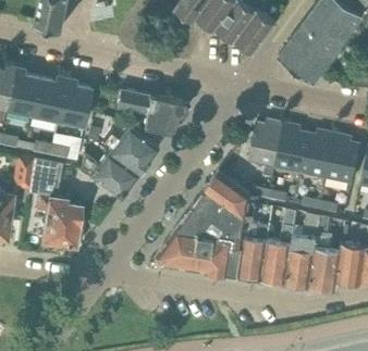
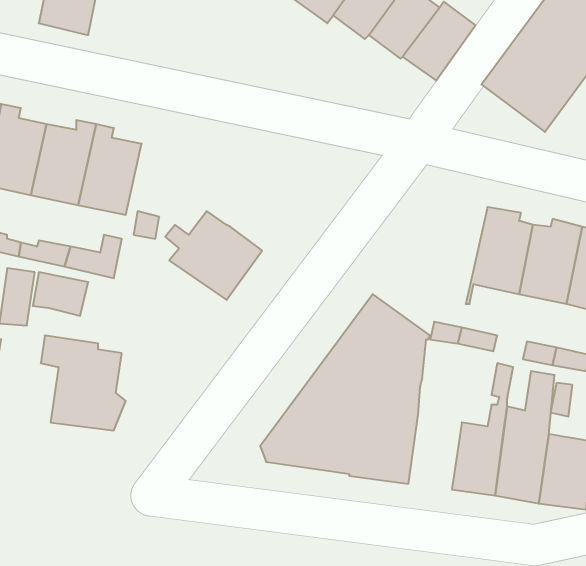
building: [115,90,187,134] -> none
building: [248,121,282,177] -> none
building: [82,153,138,195] -> none
building: [238,223,270,279] -> none

